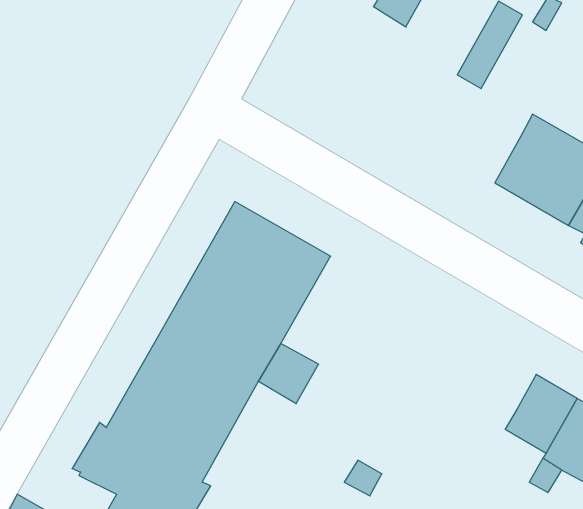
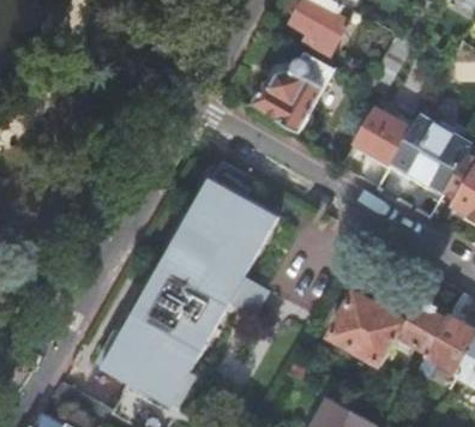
building: none -> [251,52,332,133]
building: none -> [355,108,410,163]
building: none -> [326,290,407,366]

